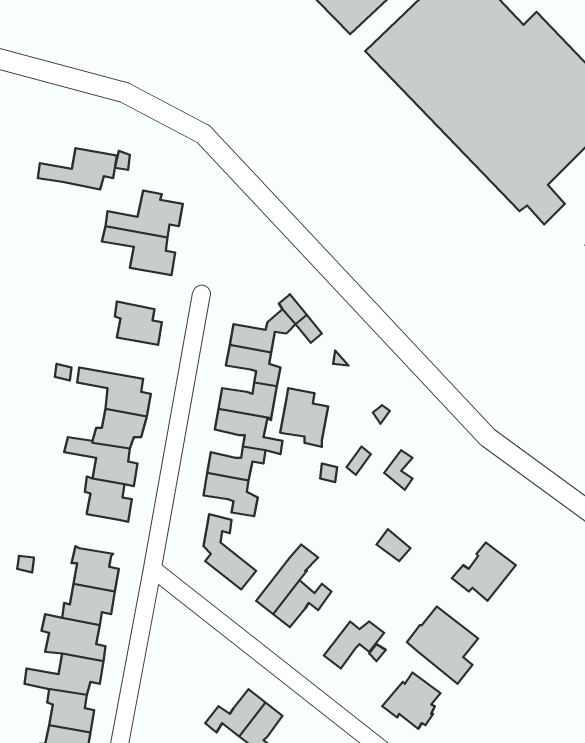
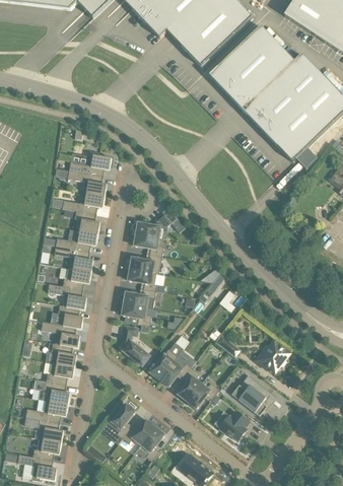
building: [38,148,117,189] -> [62,191,105,213]
building: none -> [55,228,97,251]
building: [280,388,328,447] -> none
building: none -> [41,320,80,347]
building: none -> [178,365,201,400]
building: none -> [110,402,135,436]

